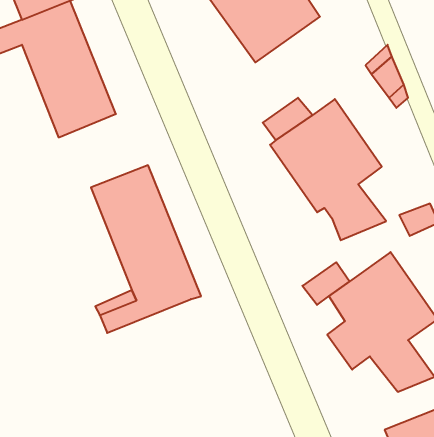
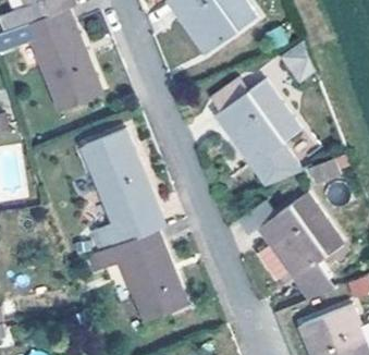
building: none -> [95,229,187,321]

